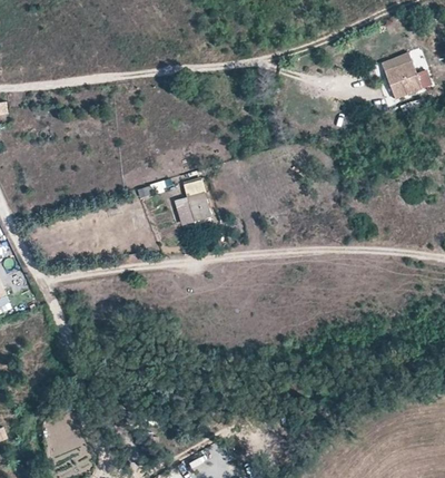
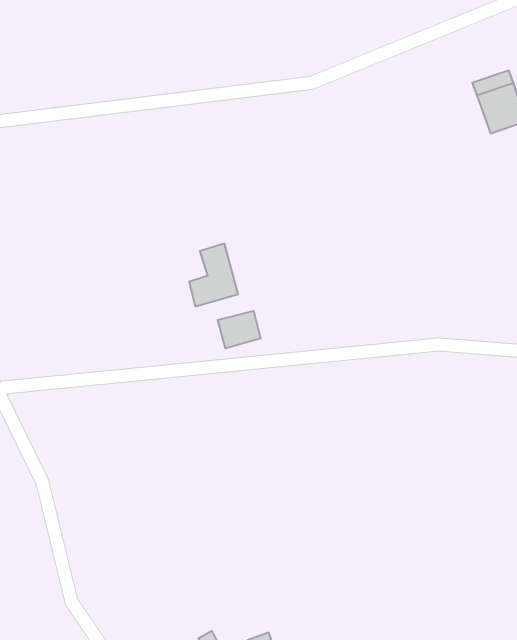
building: none -> [218,311,261,348]

